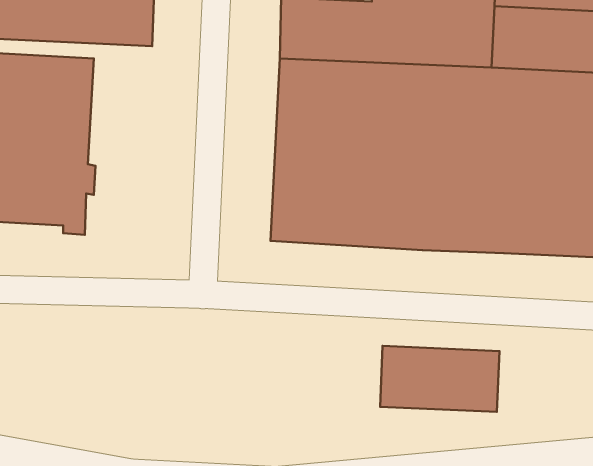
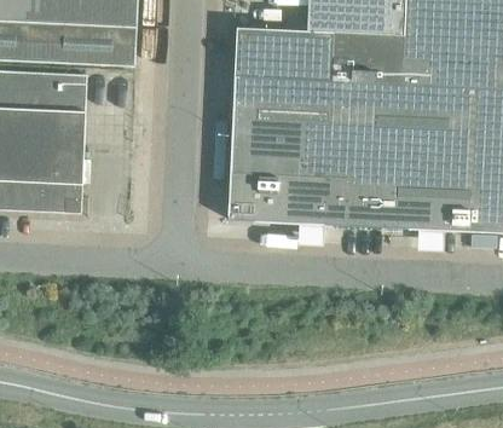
building: [380,346,500,412] -> none

